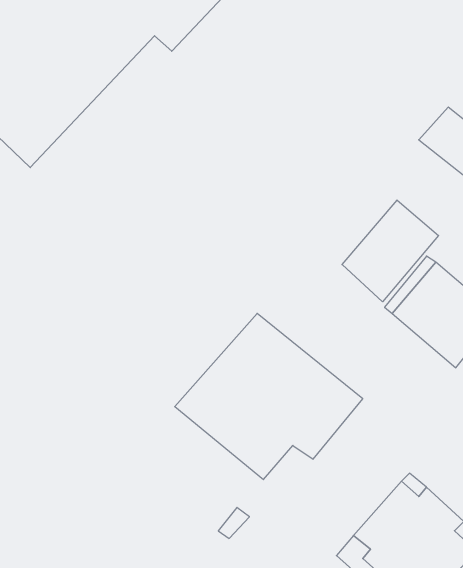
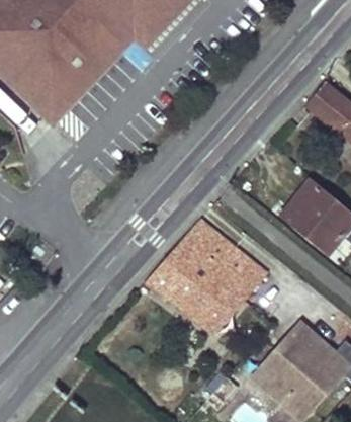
building: [342,200,439,302] -> none

